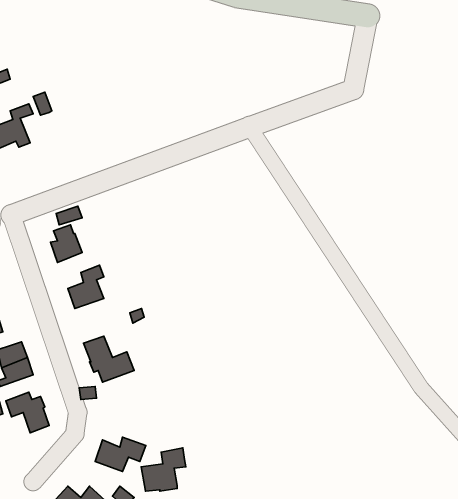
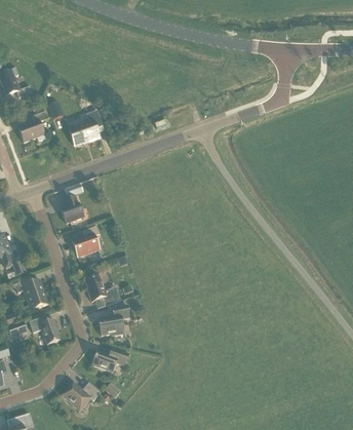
building: none -> [69,110,102,145]
building: [141,448,186,491] -> [97,304,129,335]

